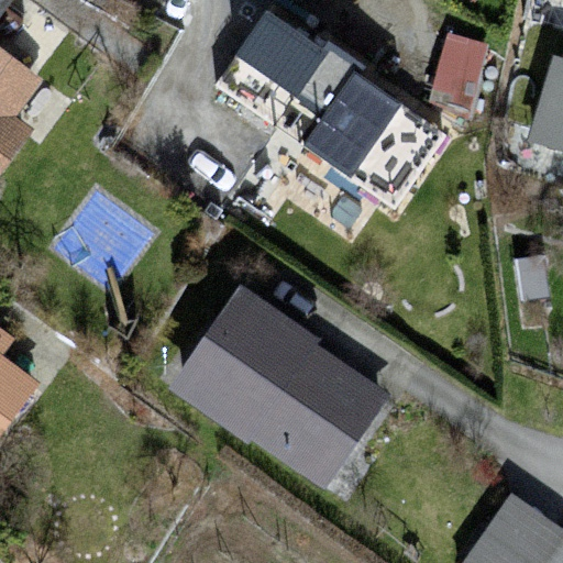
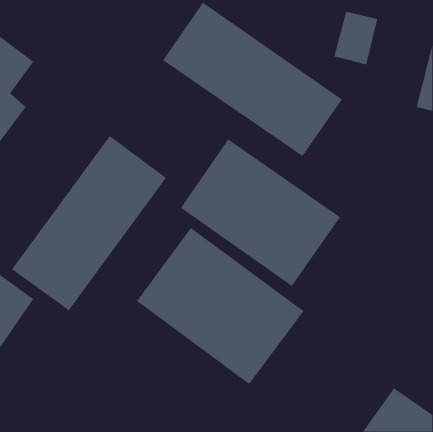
building: none -> [11,135,167,311]
building: none -> [180,139,341,287]

